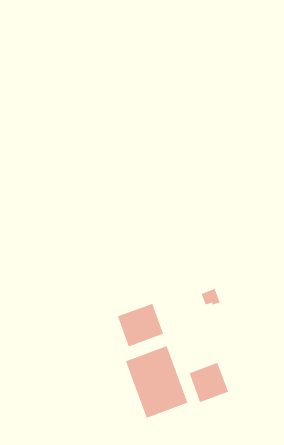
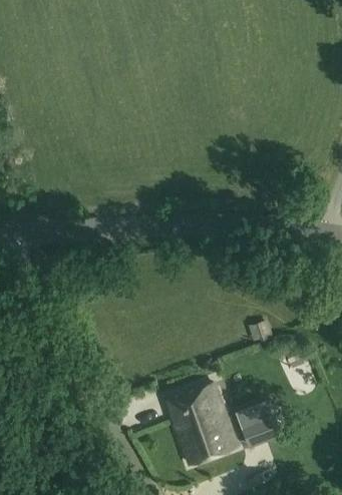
building: [117,303,164,347] -> none

